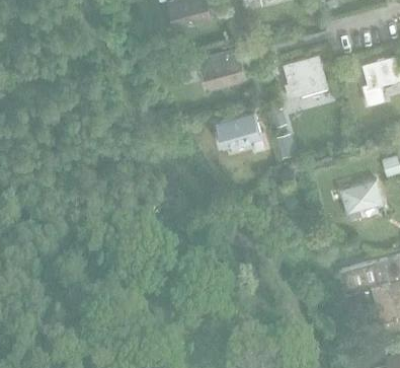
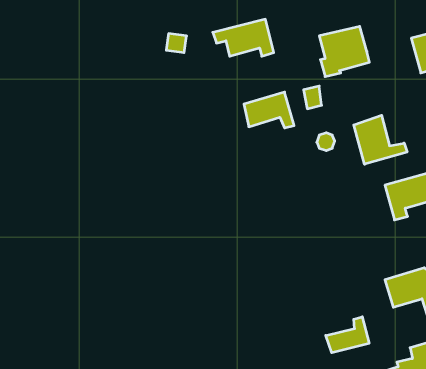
building: none -> [354,115,407,164]
building: none -> [326,317,369,353]

